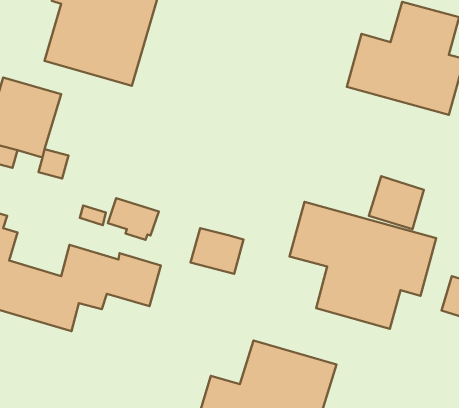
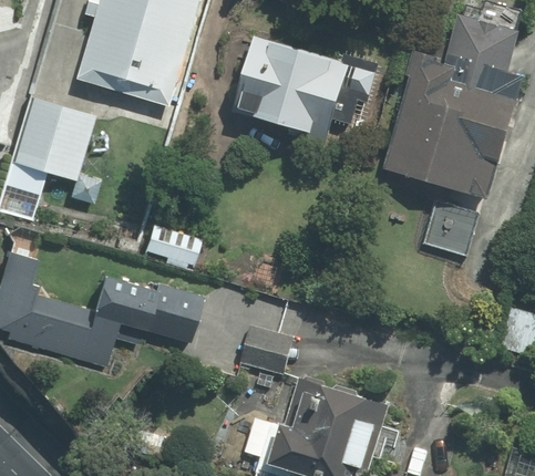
building: none -> [238,35,377,146]
building: none -> [381,106,507,199]
building: [289,202,436,329] -> none
building: [191,228,244,274] -> [238,324,295,373]

